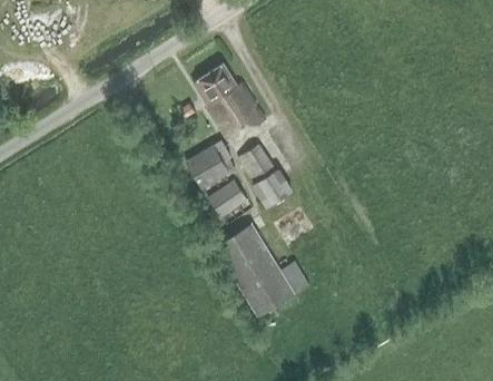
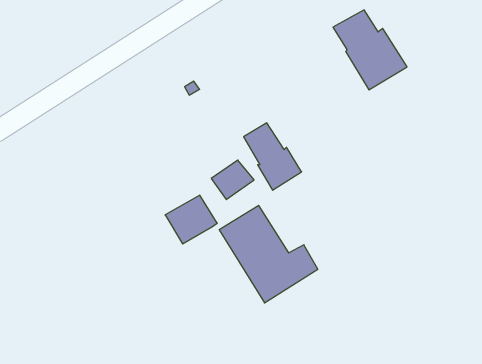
building: [194,66,265,143] -> [333,10,407,90]
building: [185,141,235,188] -> [165,195,217,244]

